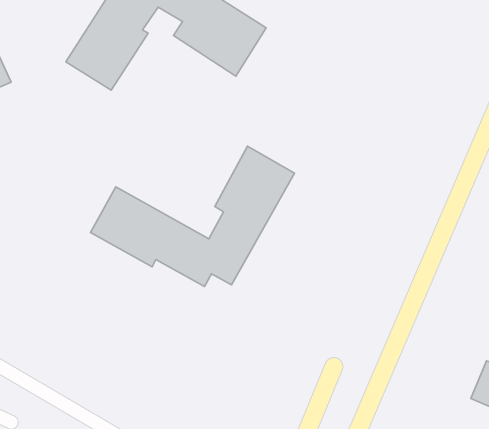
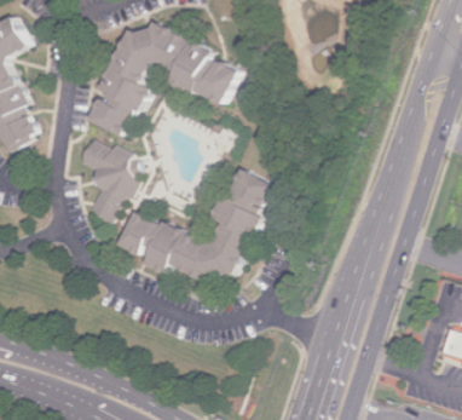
building: none -> [76,137,139,225]

